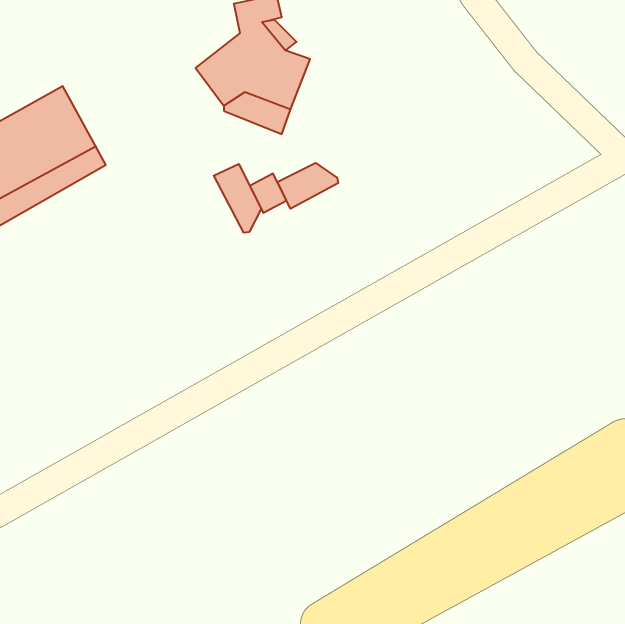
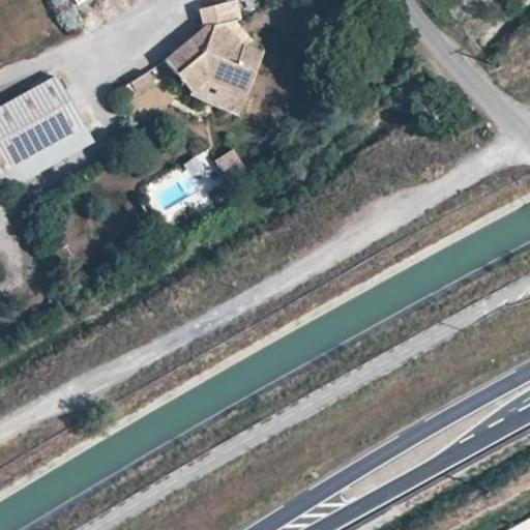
building: [278,163,338,209] -> none
building: [214,164,261,233] -> none

